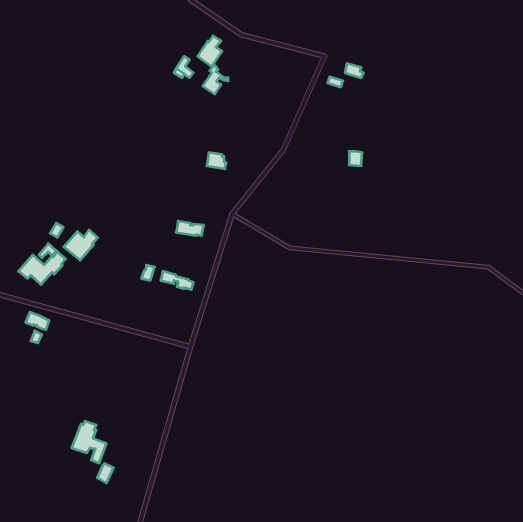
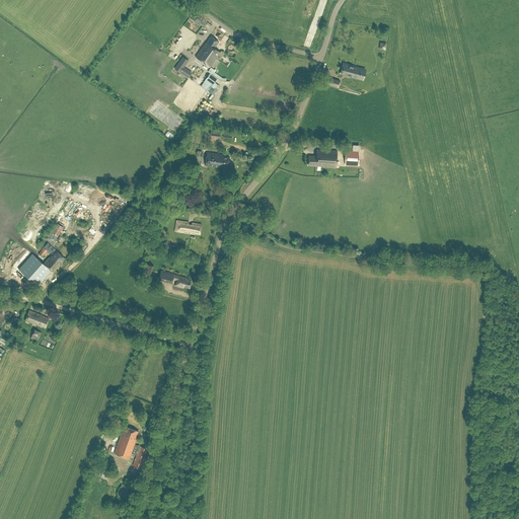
building: none -> [308,148,337,166]
building: [64,230,98,260] -> none
building: [72,421,106,463] -> [114,426,148,467]

